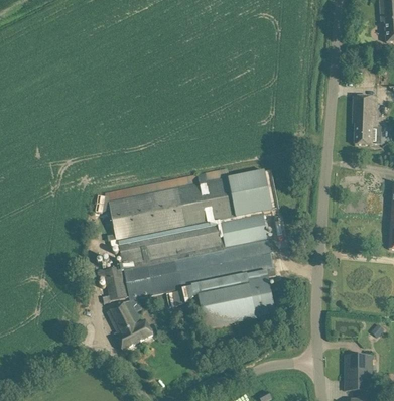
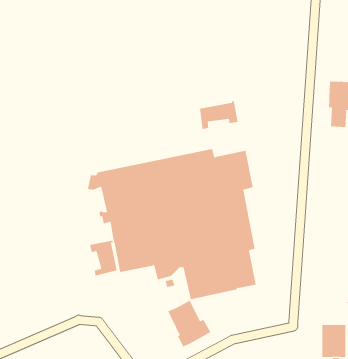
building: none -> [200,100,238,130]
building: [107,299,153,350] -> [168,300,211,347]

